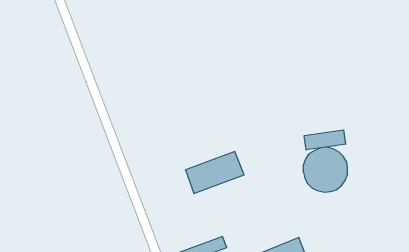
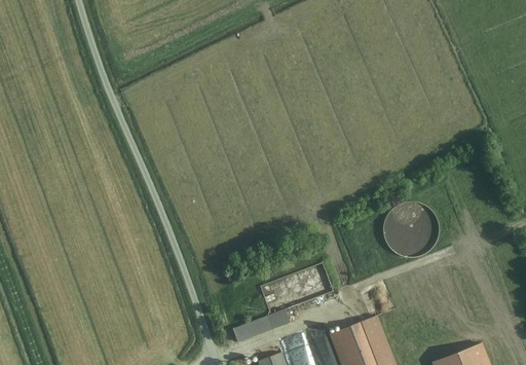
building: [304,130,346,150] -> none
building: [185,152,244,193] -> [259,265,331,317]

